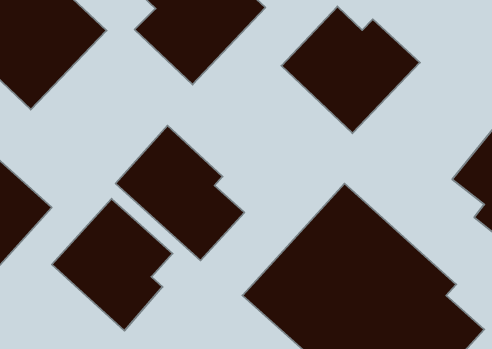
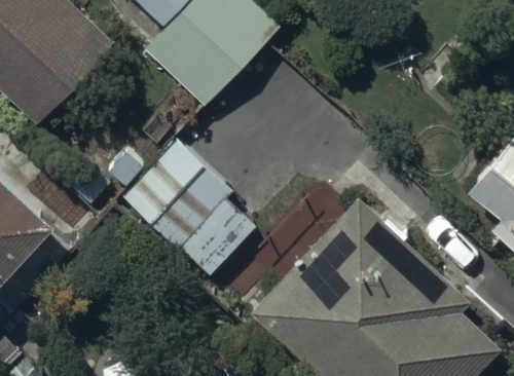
building: [281,6,420,133] -> none
building: [52,199,173,331] -> none

